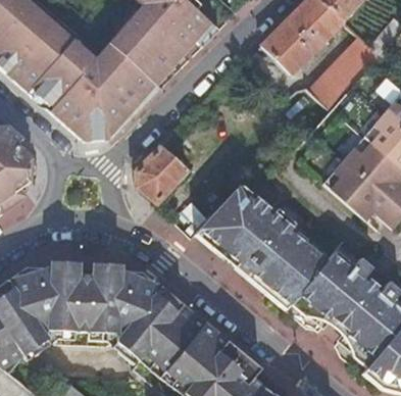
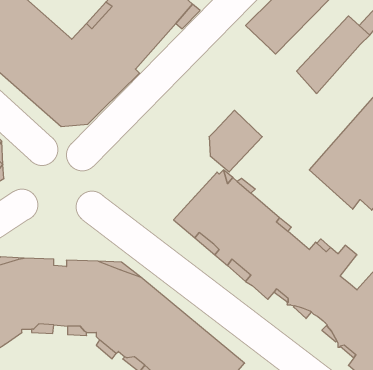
building: [138,142,189,201] -> [209,110,262,172]

